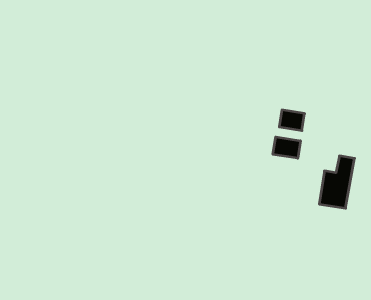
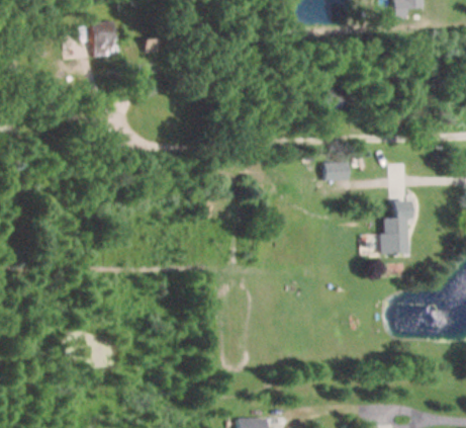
building: [273,137,300,158] -> none

